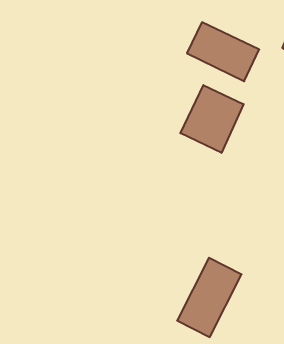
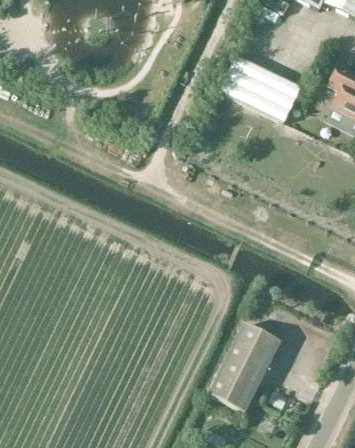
building: [180,85,244,153] -> none

